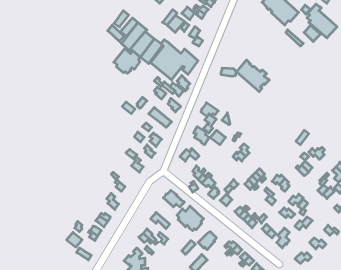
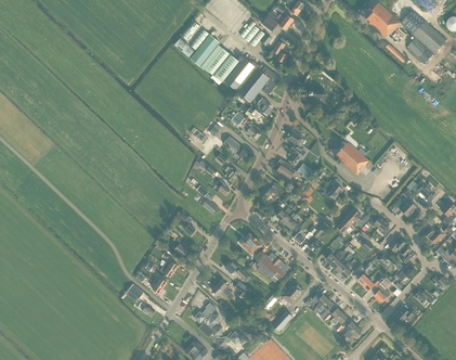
building: [114,49,140,73] -> none
building: [237,60,269,92] -> [329,136,368,173]

